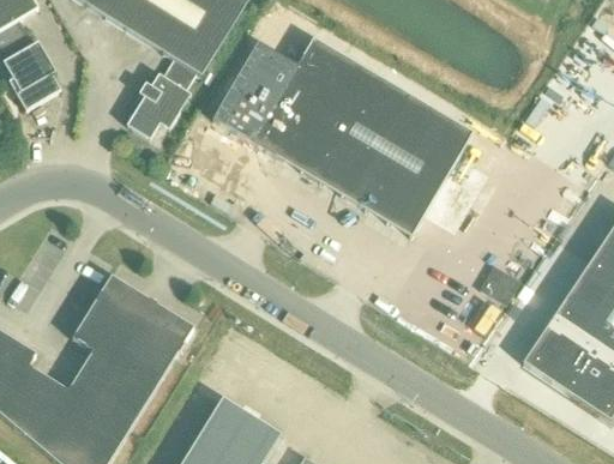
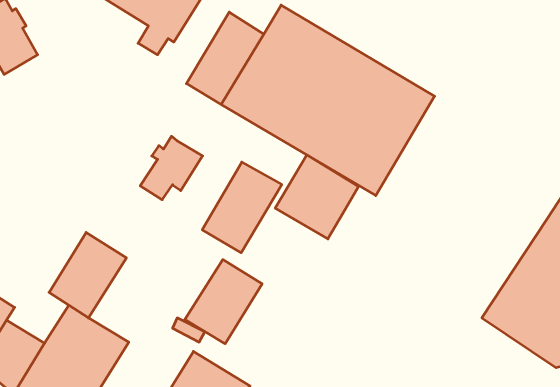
building: [126,73,191,139] -> [140,136,203,200]
building: none -> [275,155,358,239]
building: none -> [202,162,282,253]
building: [113,301,193,388] -> [185,260,262,344]

